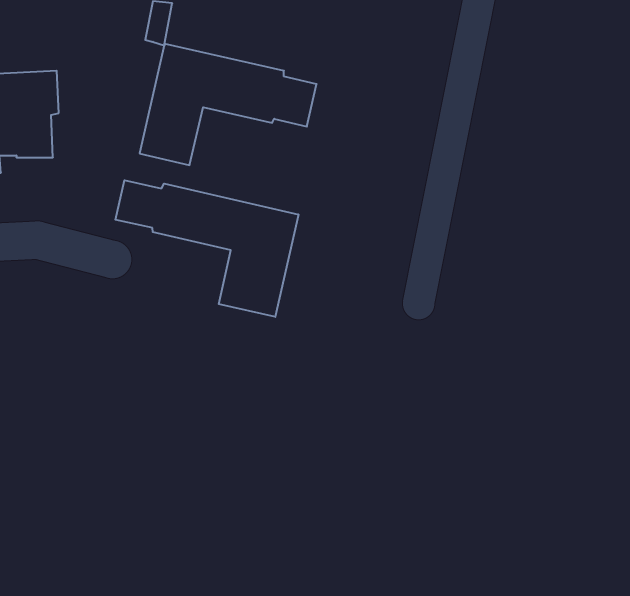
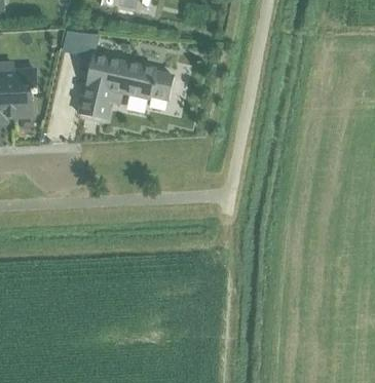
building: [115,180,298,317] -> none

